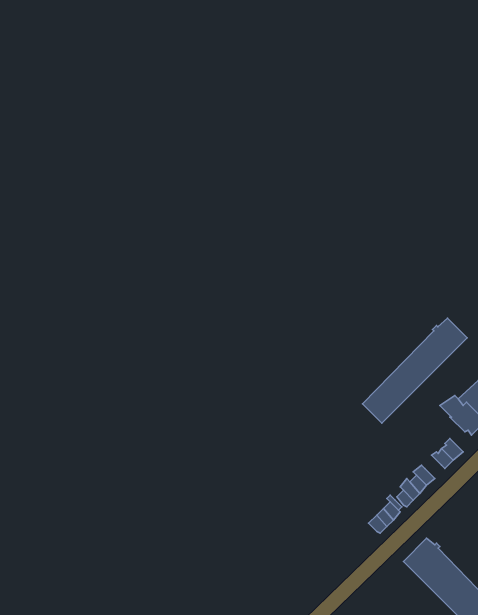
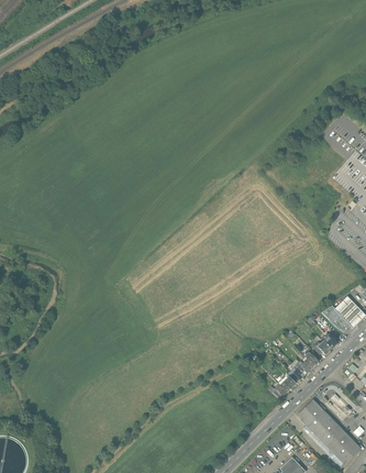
building: [362,318,467,423] -> none

